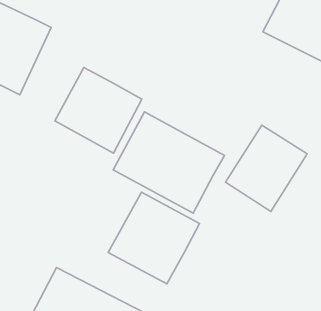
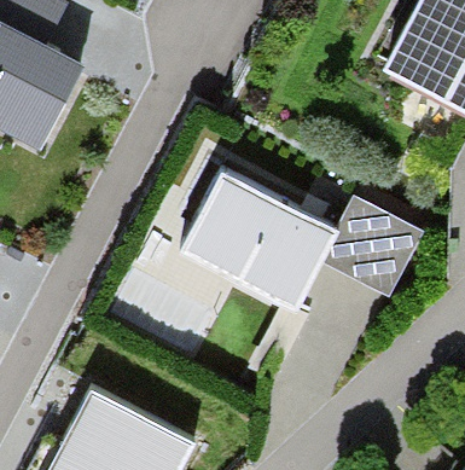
building: [55,68,142,153] -> none
building: [108,192,200,284] -> none

